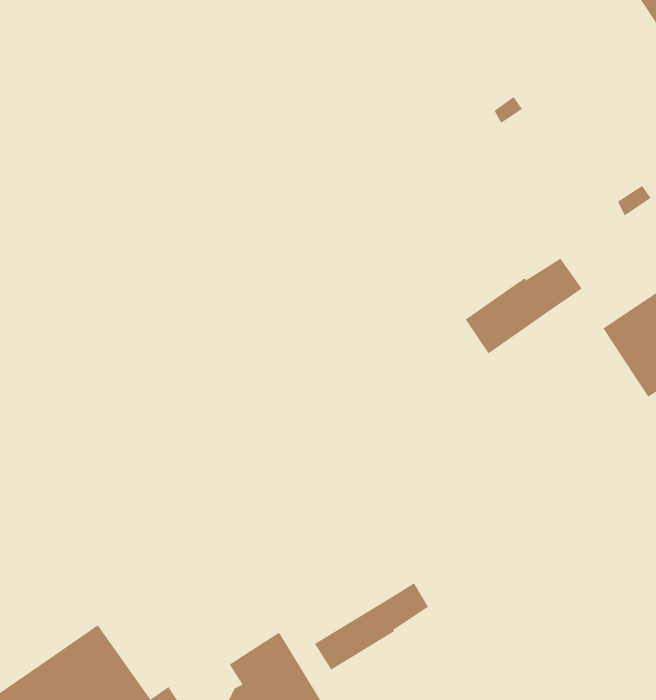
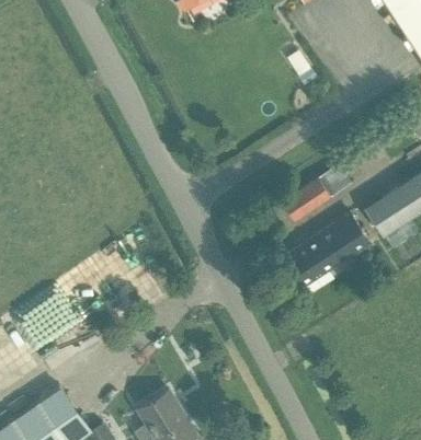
building: none -> [278,213,372,291]
building: [314,583,429,671] -> none

